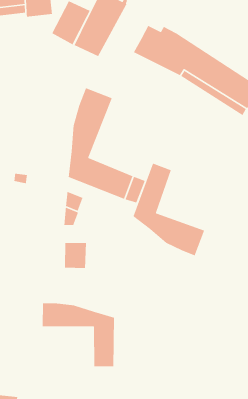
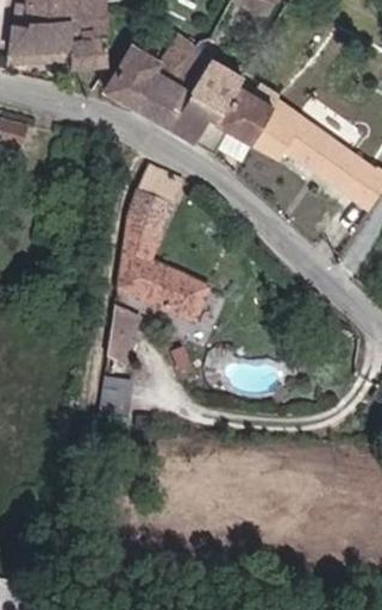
building: none -> [168,56,243,141]
building: [132,162,205,256] -> none
building: [42,303,115,367] -> none

